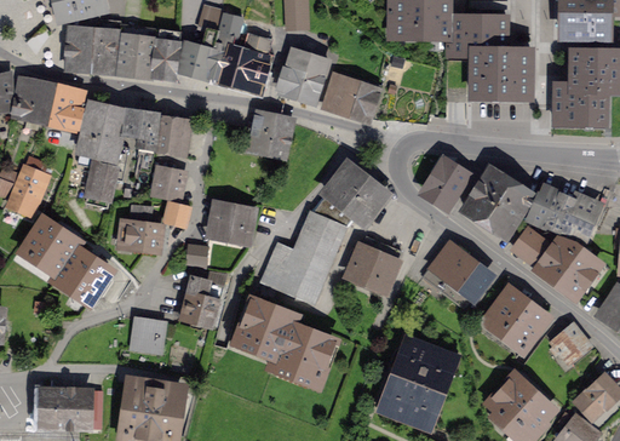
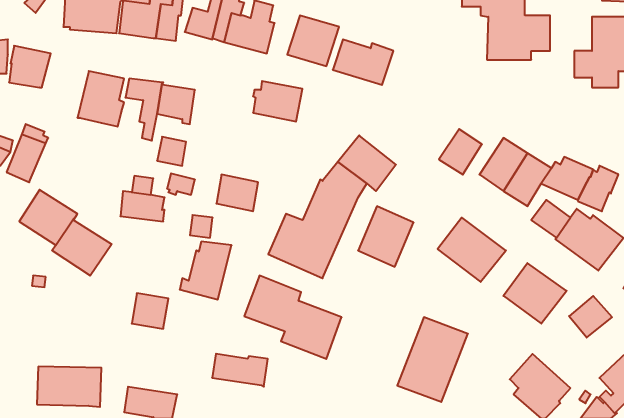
building: [44,88,84,127] -> none
building: [78,144,127,207] -> none
building: [126,385,179,417] -> [212,354,268,387]

